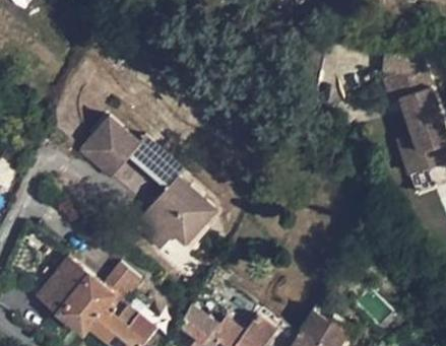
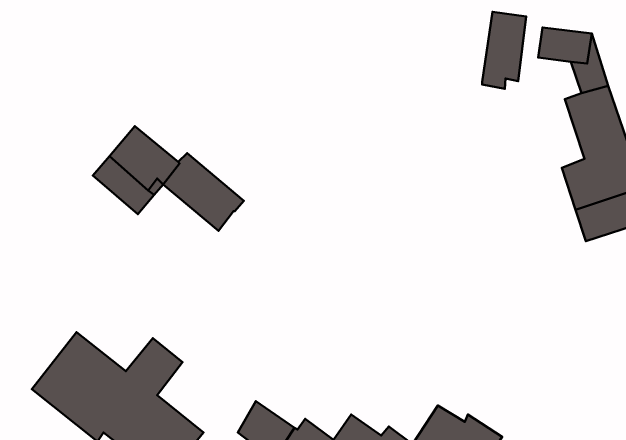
building: none -> [482,12,526,89]
building: [132,177,215,252] -> none

